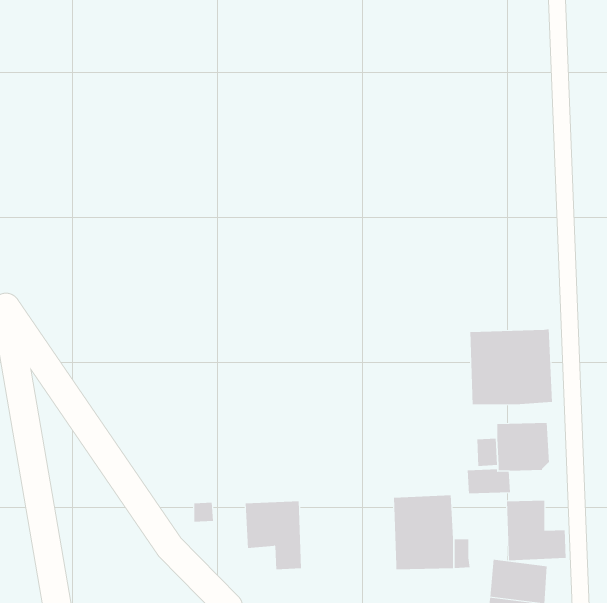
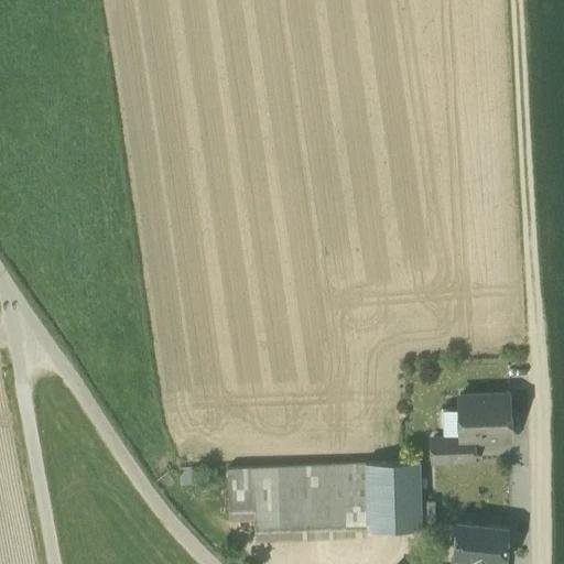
building: [470,329,553,405] -> none
building: none -> [278,465,367,531]
building: [506,500,566,561] -> none

